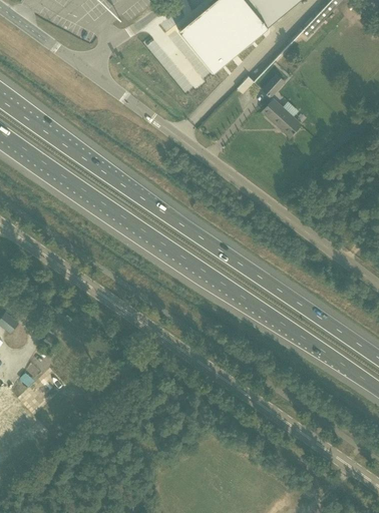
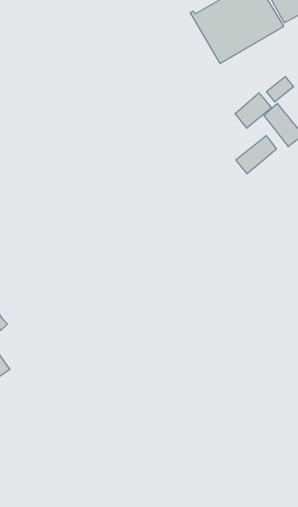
building: none -> [235,93,271,128]
building: none -> [236,136,276,174]

